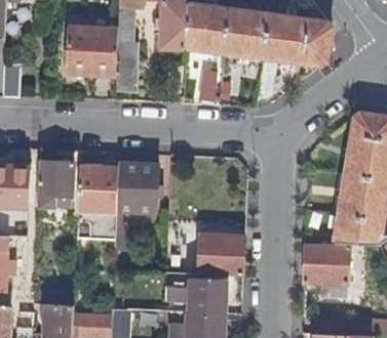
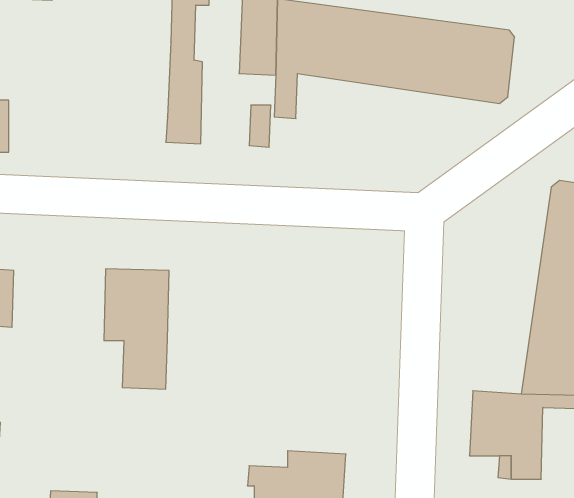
building: [70,27,120,75] -> none
building: [39,162,74,209] -> none
building: [118,165,157,212] -> none
building: [199,236,245,276] -> none

